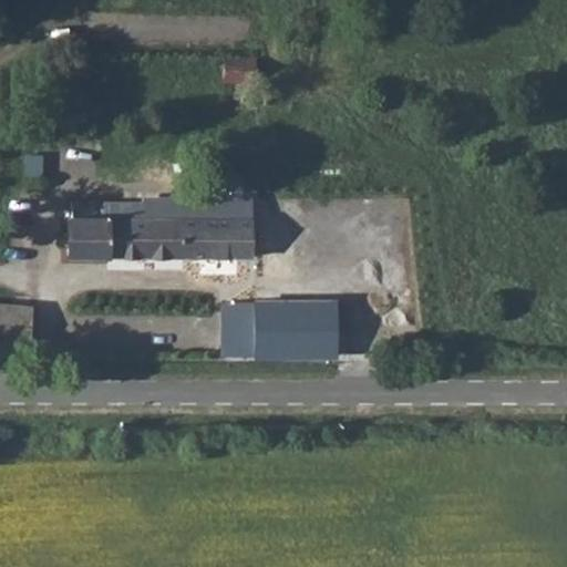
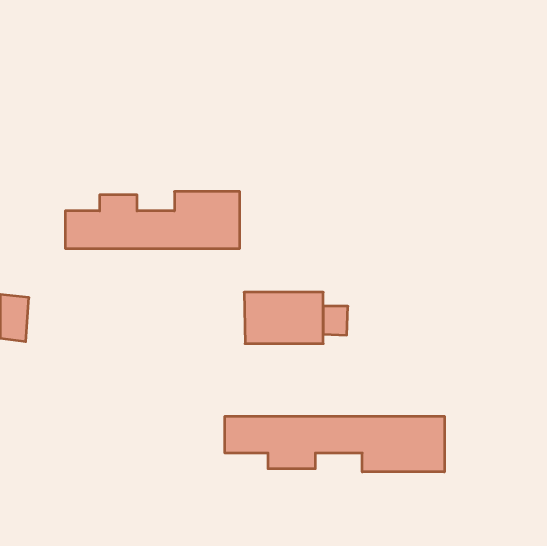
building: [225,303,254,357] -> none
building: none -> [225,416,444,472]

